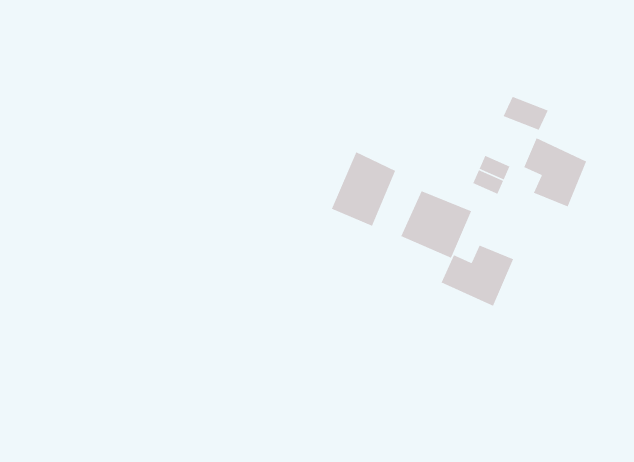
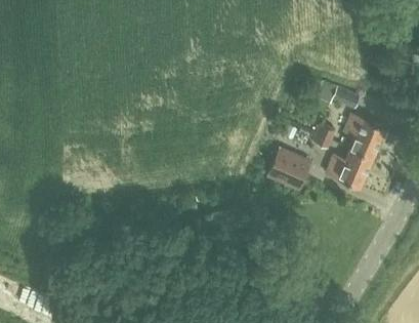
building: [331,151,396,227] -> none
building: [441,245,514,307] -> [326,149,373,189]

